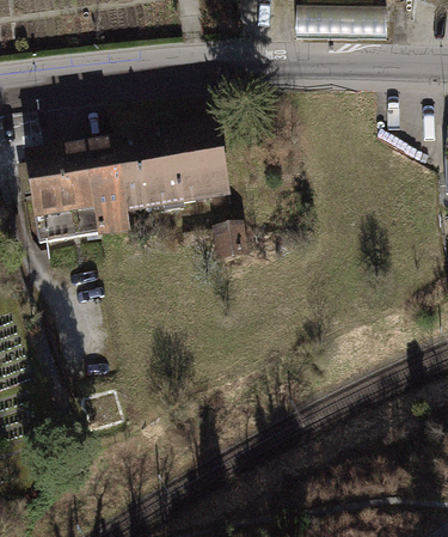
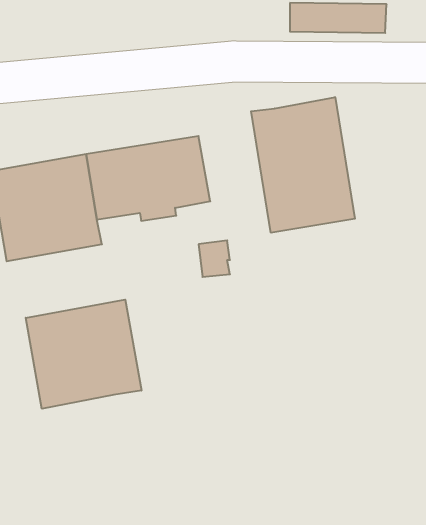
building: none -> [251,97,355,233]
building: none -> [26,300,141,409]

